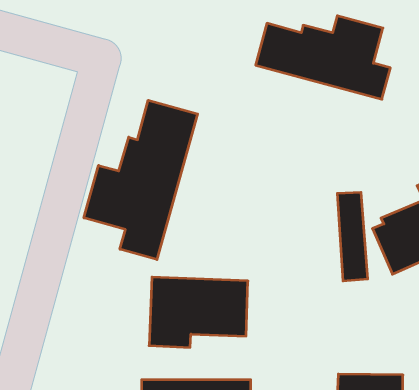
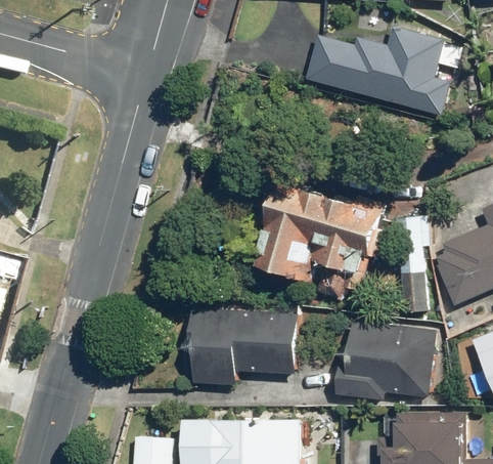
building: [84,100,198,260] -> none
building: none -> [254,181,382,282]
building: none -> [334,320,436,400]

